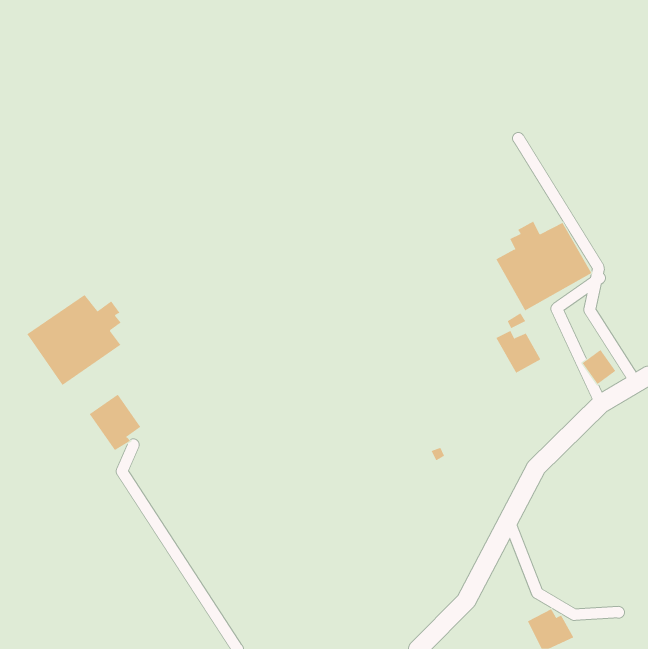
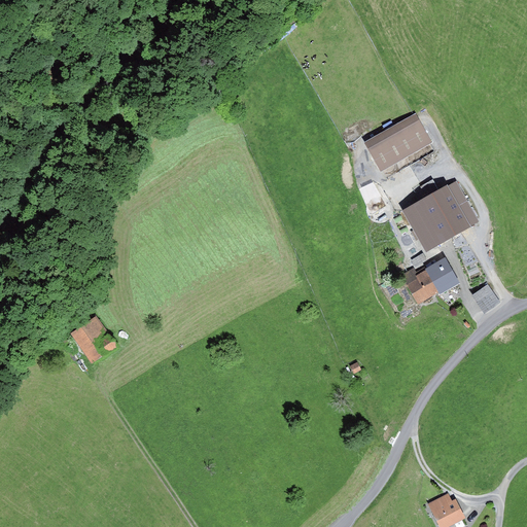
building: none -> [363,113,431,171]
building: [27,294,121,386] -> none
building: none -> [425,257,458,293]

